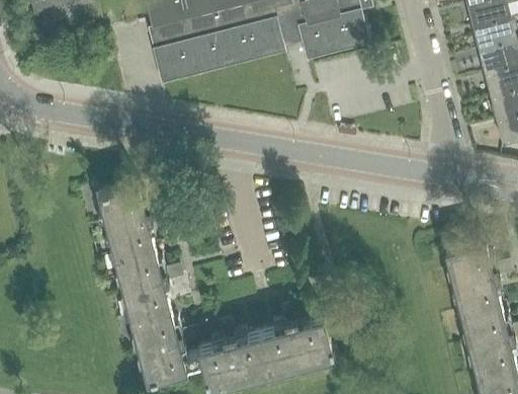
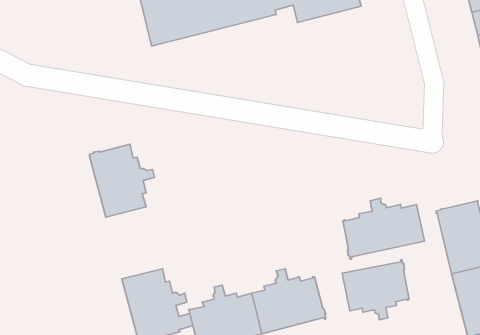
building: none -> [343,198,424,259]
building: [115,245,180,317] -> none
building: none -> [342,260,409,320]

